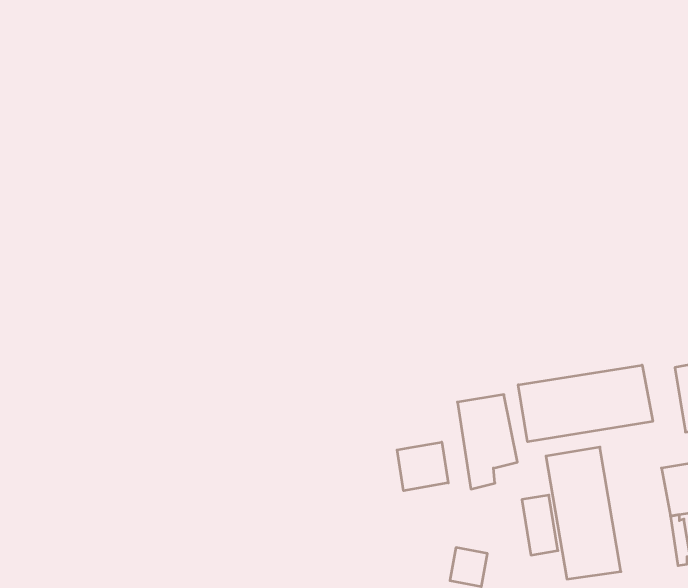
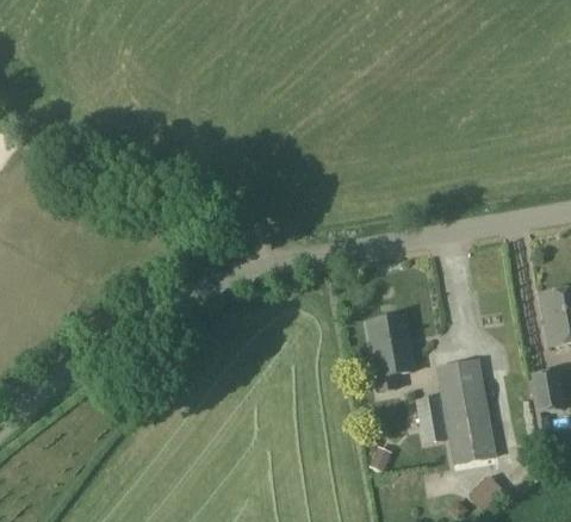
building: [518,365,653,442] -> none
building: [397,442,448,491] -> none

